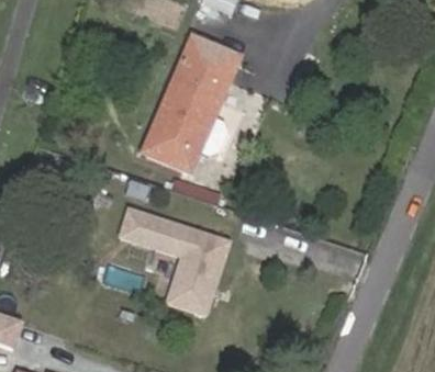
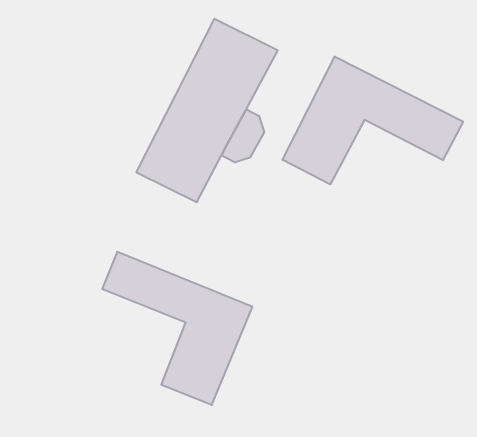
building: none -> [282,56,463,184]

